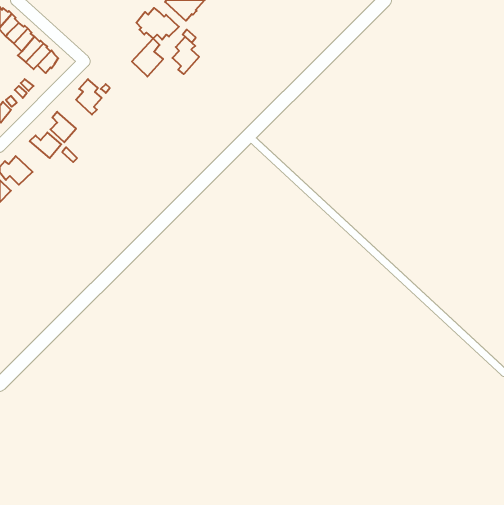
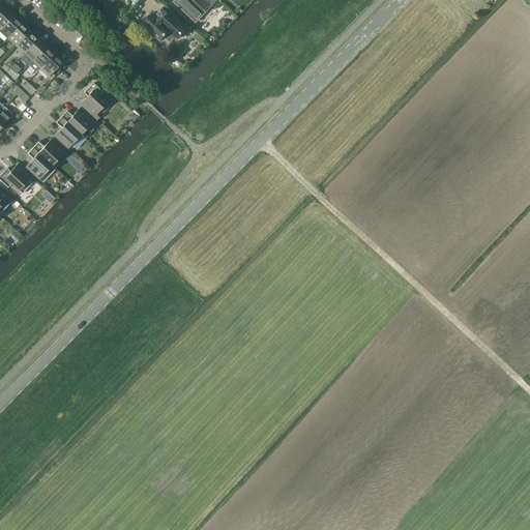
building: [172,37,199,74] -> none
building: [132,39,163,77] -> none
building: none -> [60,108,96,135]
building: none -> [25,148,55,183]

